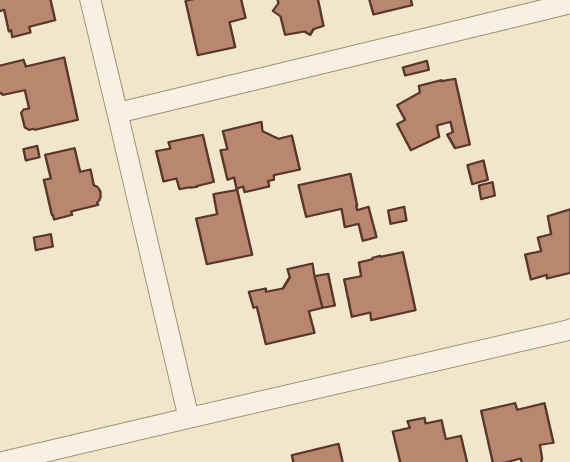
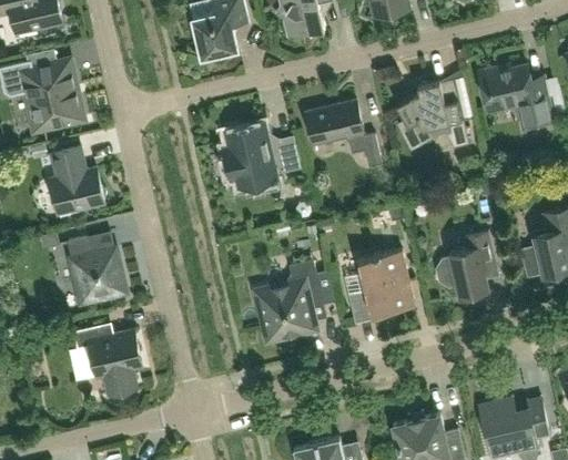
building: none -> [478,65,554,133]
building: [156,135,214,189] -> none
building: [298,174,377,241] -> [305,102,382,167]
building: [196,190,252,264] -> none
building: none -> [435,232,498,296]
building: none -> [67,238,124,303]
building: none -> [73,326,141,395]

